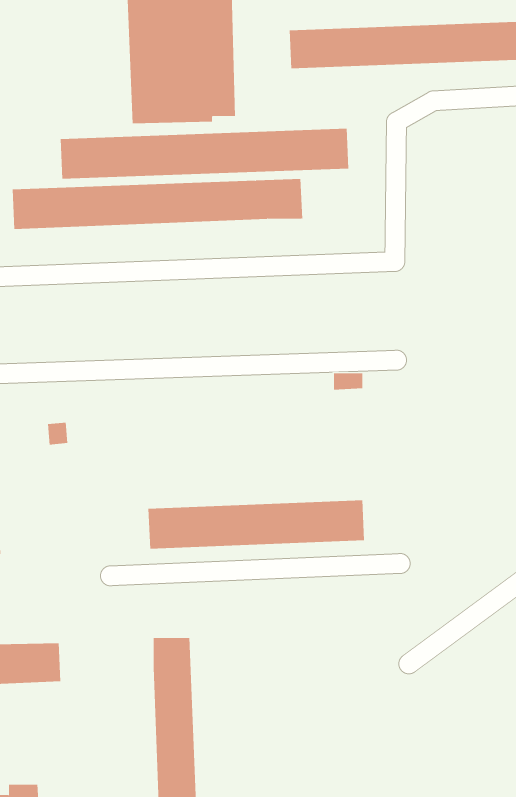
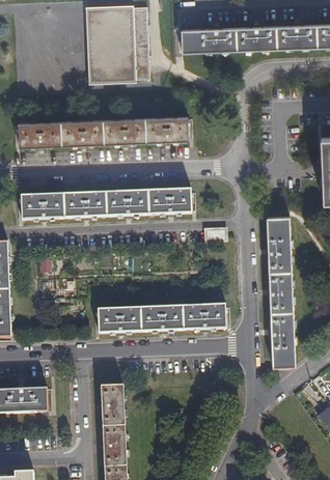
building: [60,128,349,179] -> [22,190,192,220]
building: none -> [268,216,296,366]

